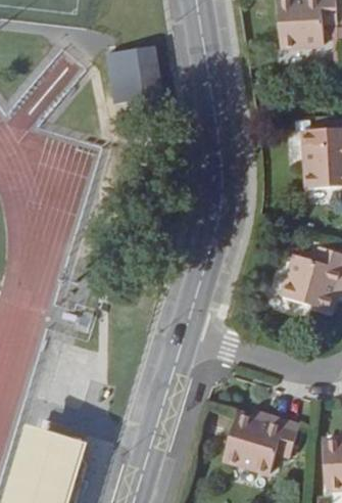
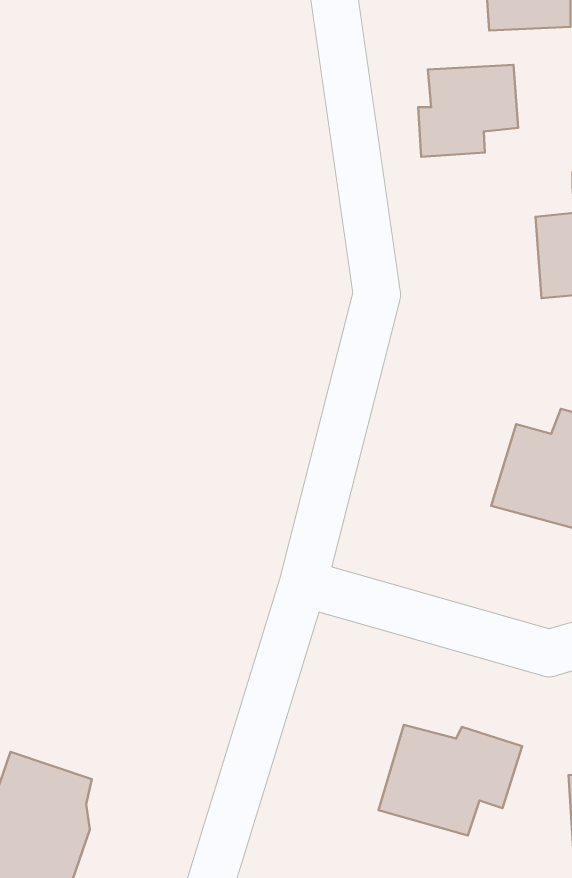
building: [108,46,169,104] -> none
building: none -> [418,65,518,157]

